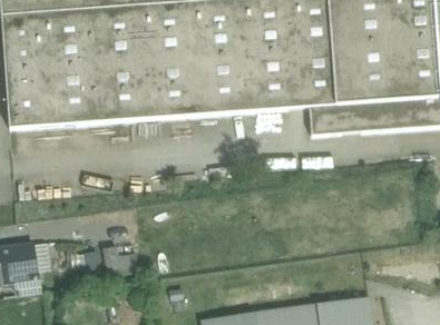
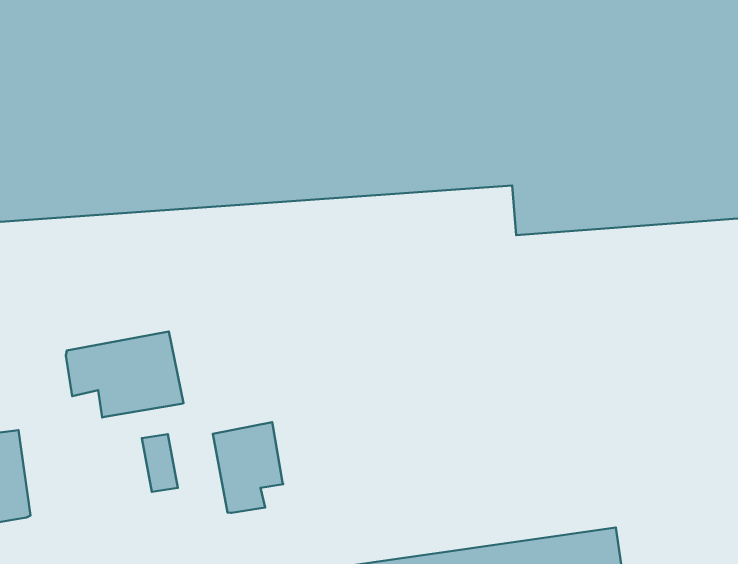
building: none -> [66,331,183,417]
building: none -> [213,422,283,513]

